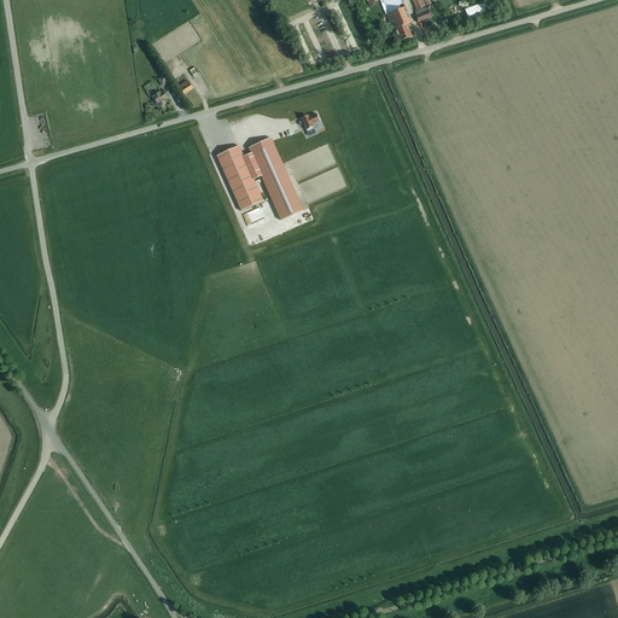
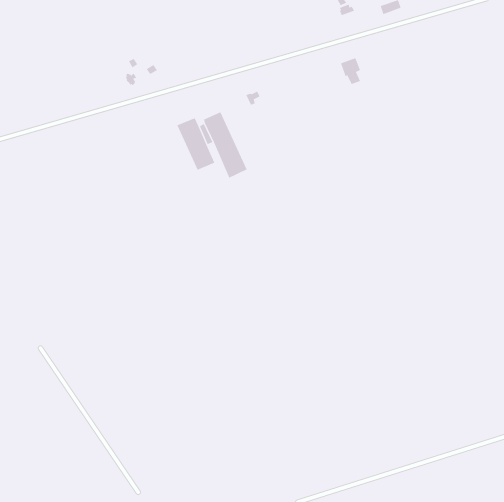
building: [386,5,412,39] -> [340,57,361,85]

